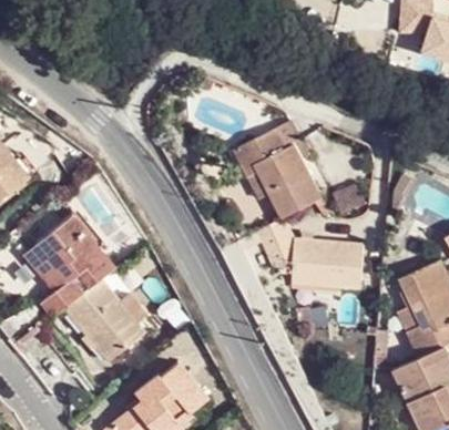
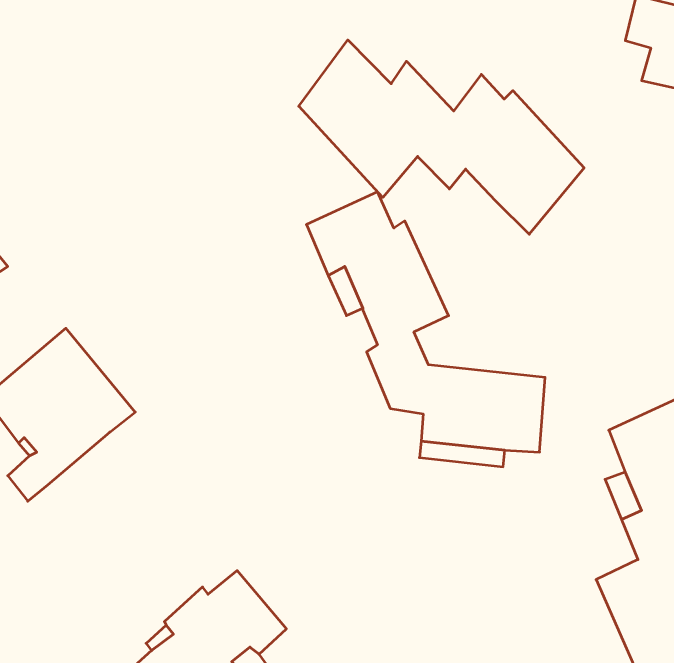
building: none -> [299,40,584,234]
building: [61,276,143,361] -> none

